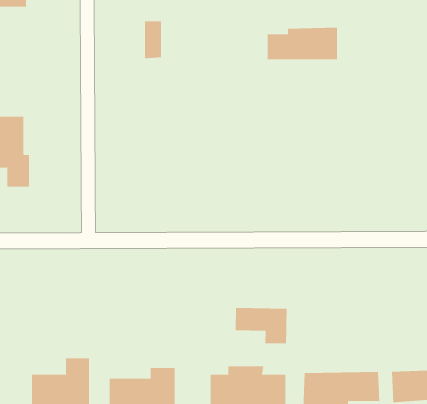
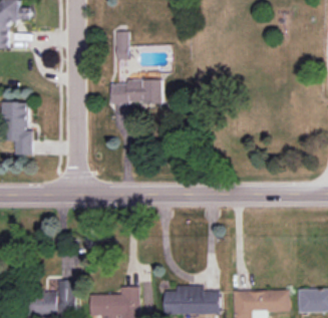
building: [267,27,338,60] -> [110,79,162,103]
building: [235,307,287,344] -> none

